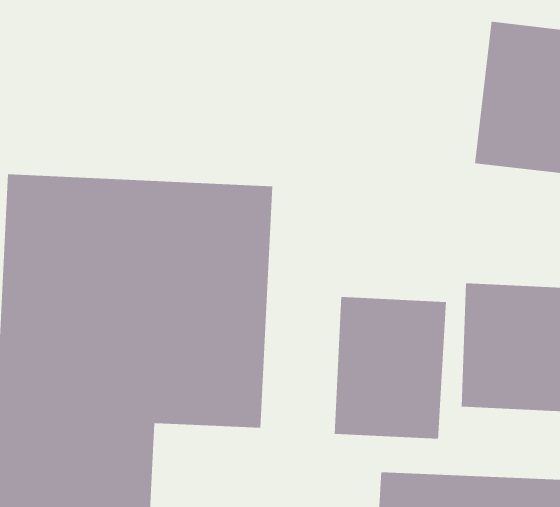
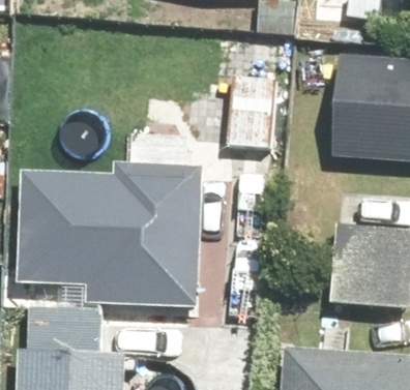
building: [334,296,447,440] -> none

